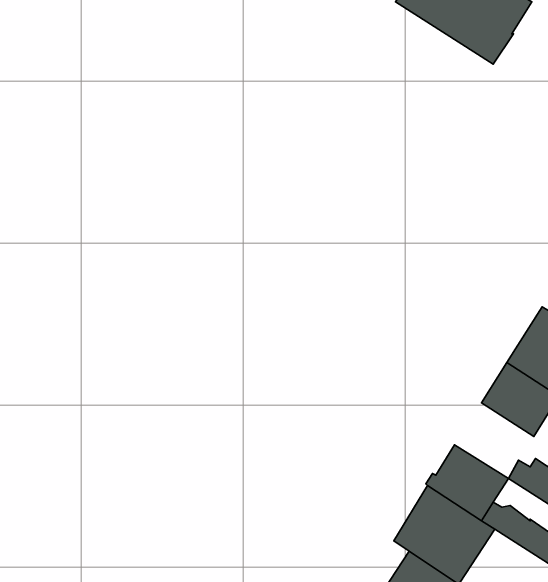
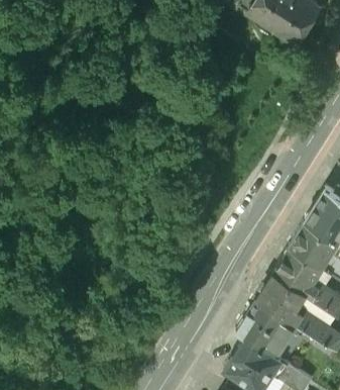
building: none -> [274,250,322,295]

